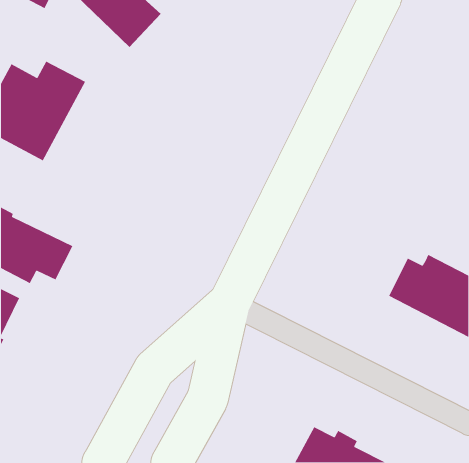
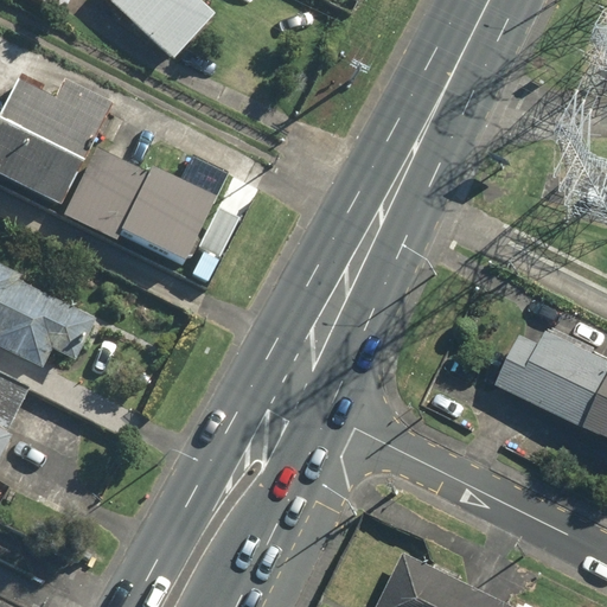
building: none -> [56,145,237,267]

